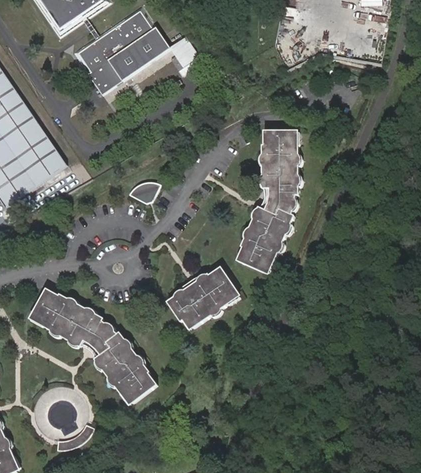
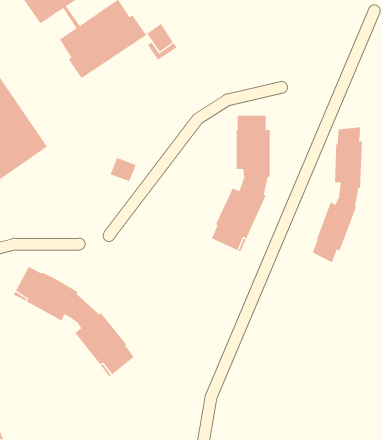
building: none -> [312,127,362,263]
building: [167,267,240,330] -> none
building: [56,424,92,449] -> none

